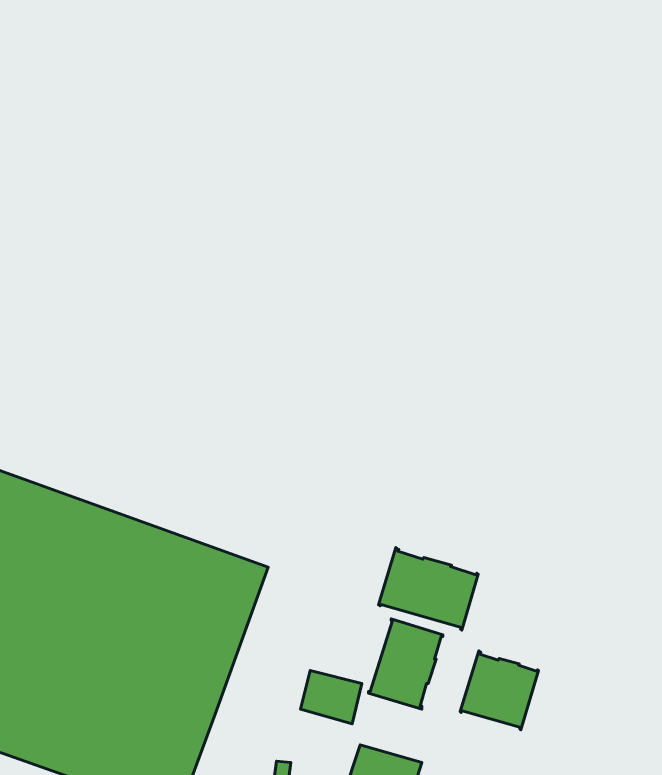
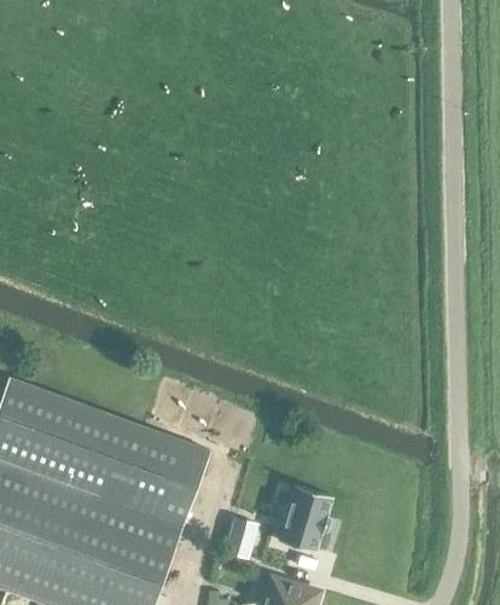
building: [378,548,478,630] -> none
building: [460,651,539,730] -> none

